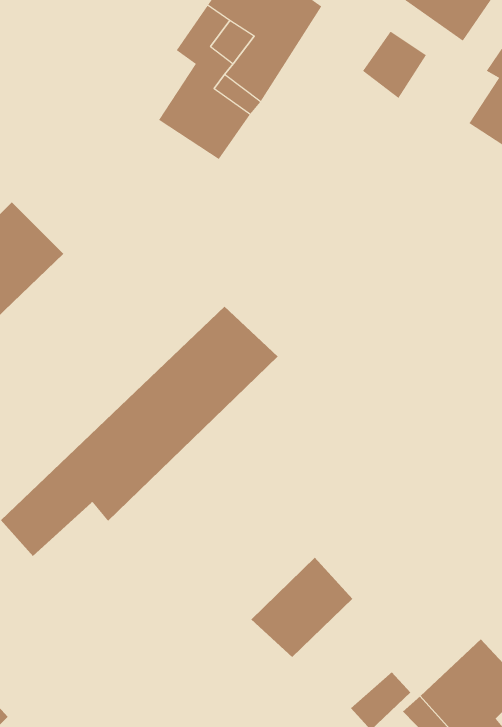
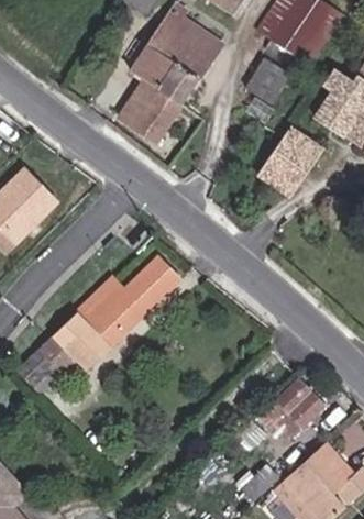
building: none -> [257,123,326,198]
building: [250,557,353,658] -> [258,379,323,443]

